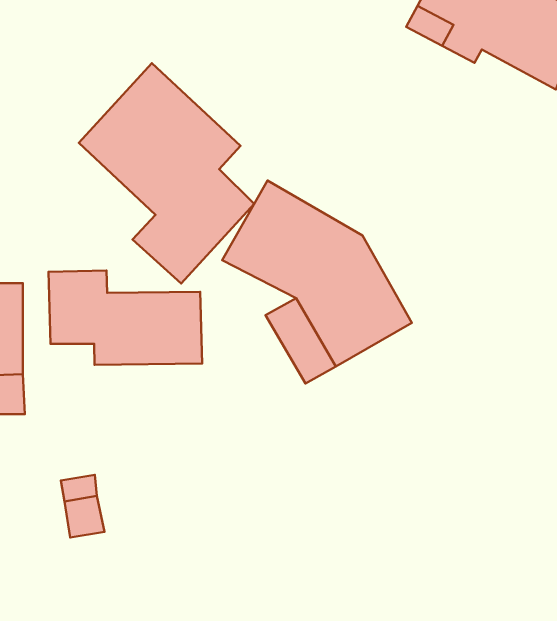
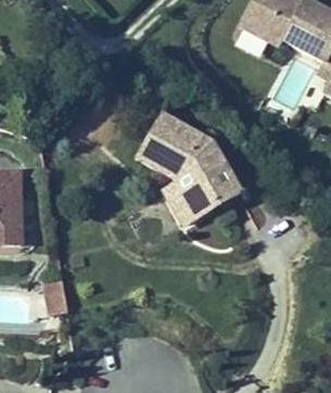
building: [79,63,254,284] -> none
building: [49,270,202,365] -> none

